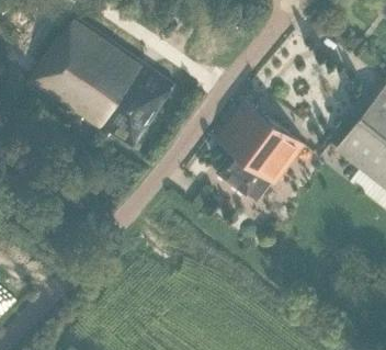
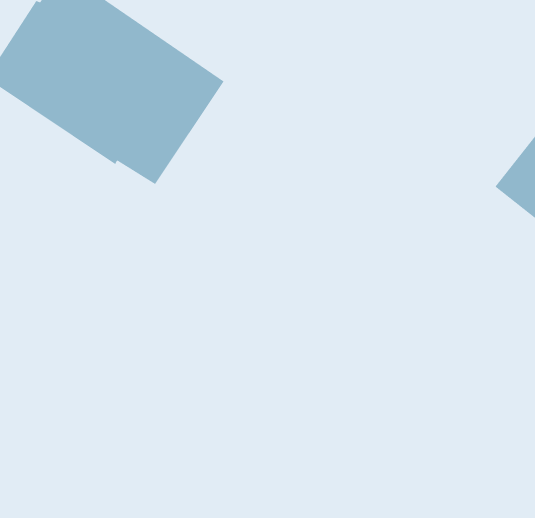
building: [215,101,303,201] -> none

